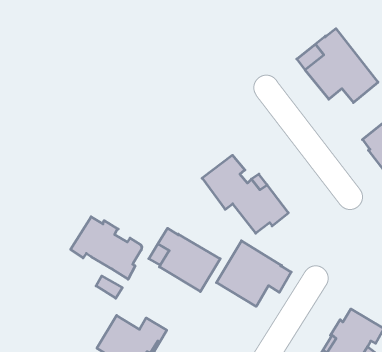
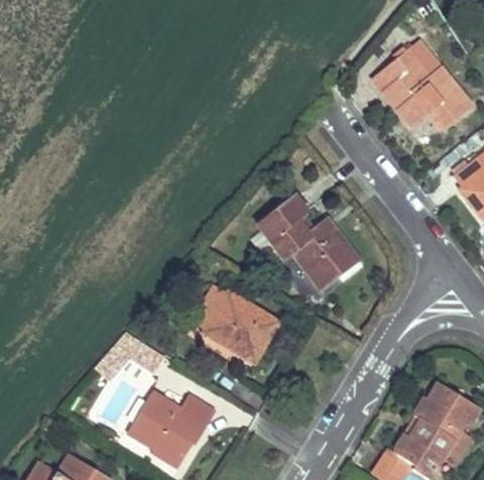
building: [71,217,142,279] -> none
building: [216,241,291,306] -> none

